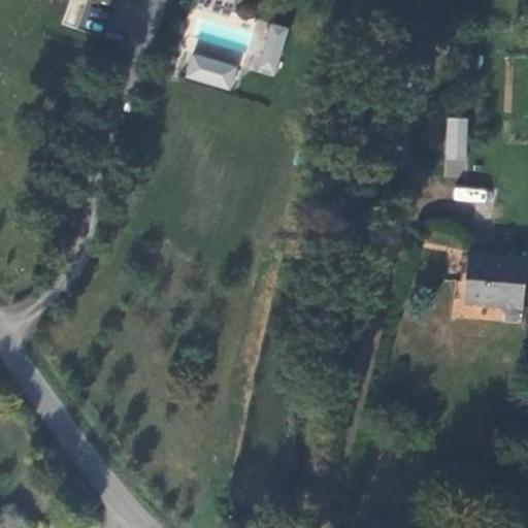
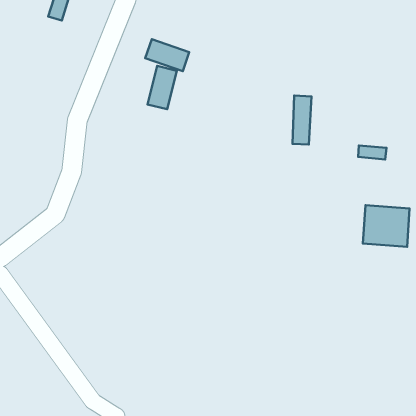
building: [252,20,289,74] -> [147,66,177,109]
building: [444,113,468,175] -> [293,96,311,145]

